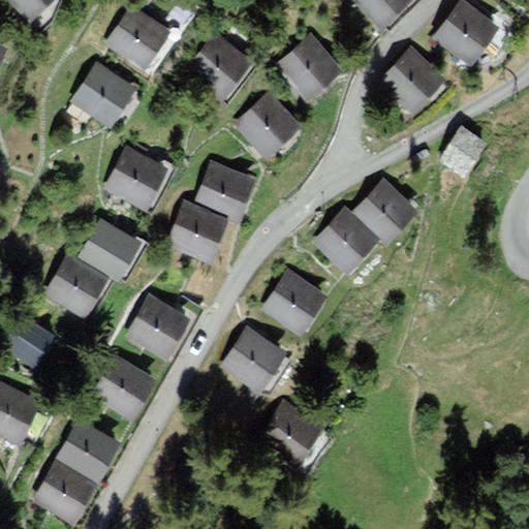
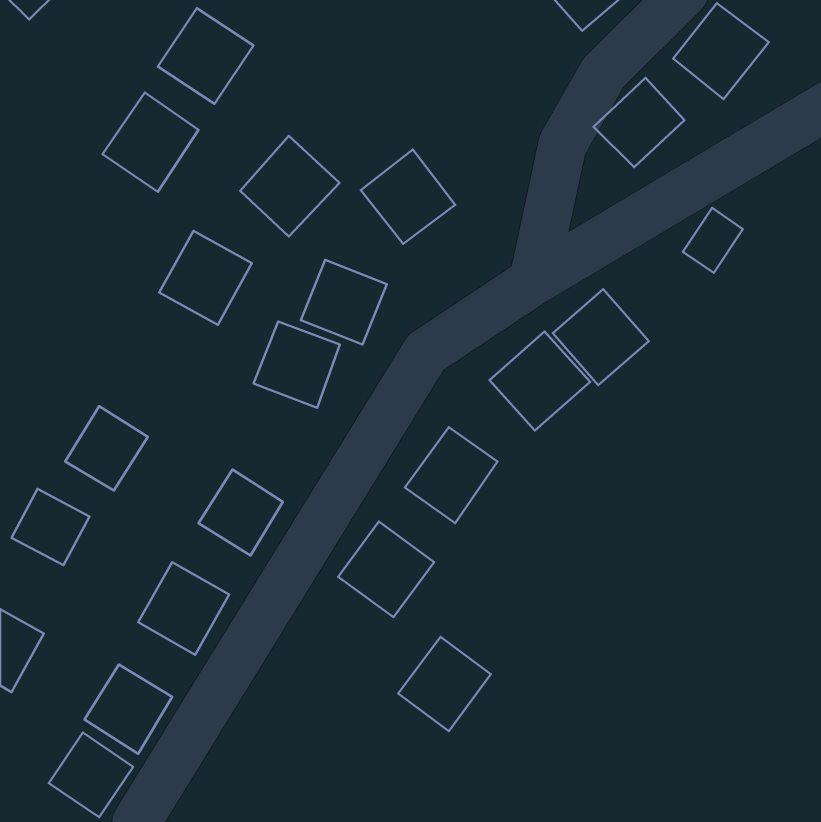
building: [186,31,249,95] -> [240,136,339,236]
building: [281,39,336,94] -> none
building: [81,221,134,273] -> none

